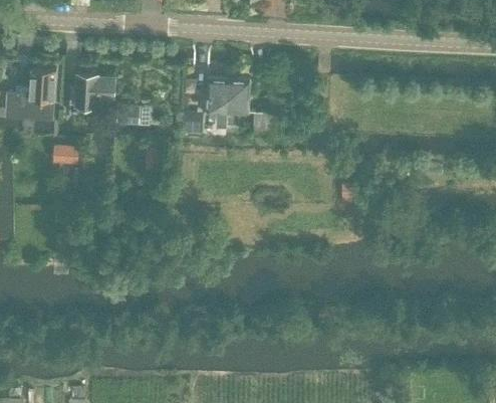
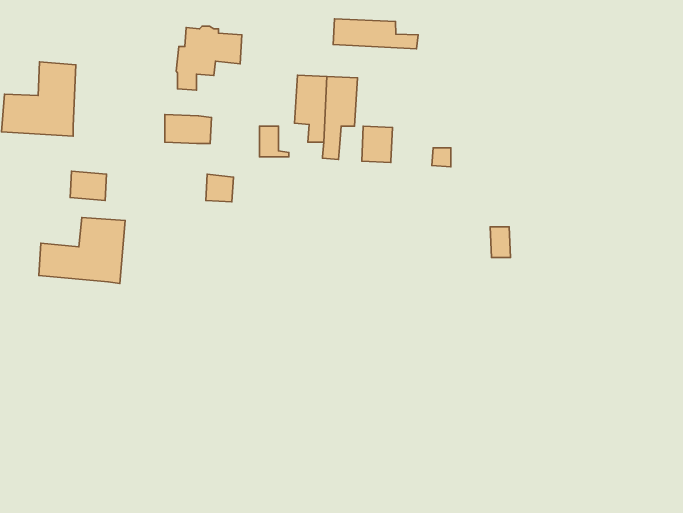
building: none -> [333,19,418,49]
building: [69,72,114,117] -> [176,26,242,90]
building: none -> [39,218,125,283]

